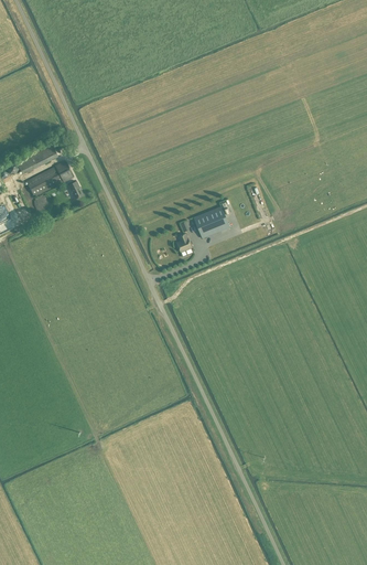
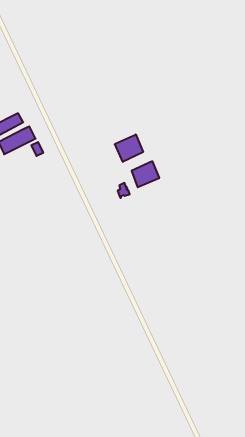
building: none -> [115,134,143,162]

